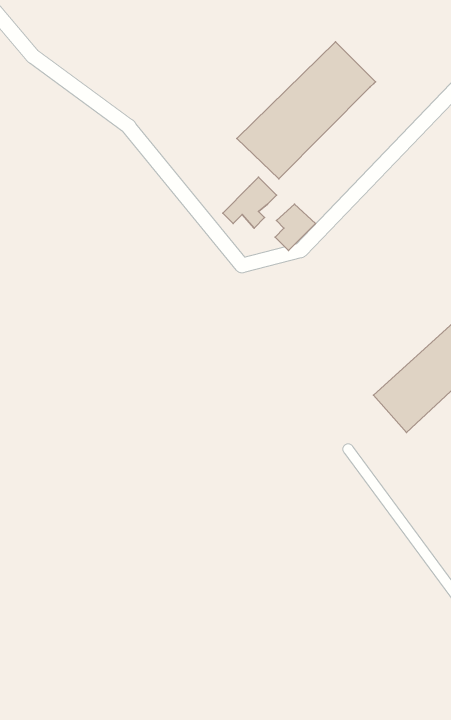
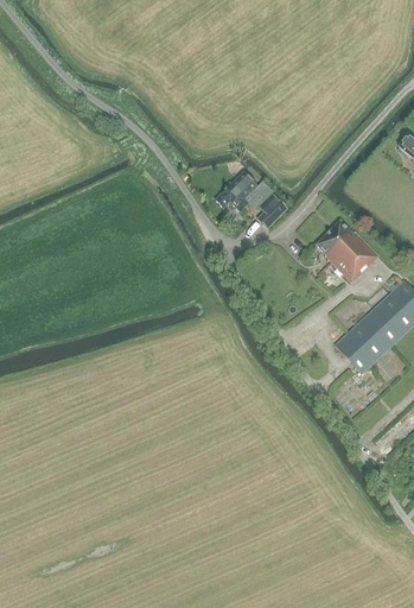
building: [237,42,376,179] -> none
building: none -> [316,218,378,281]

